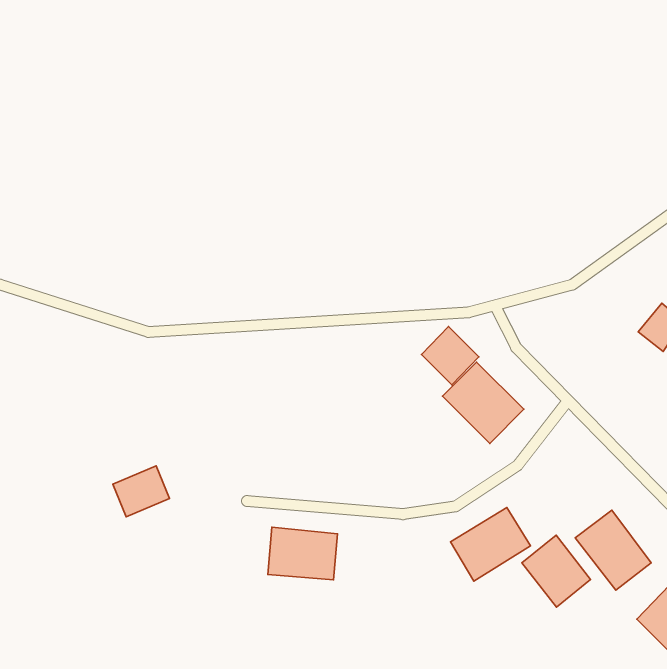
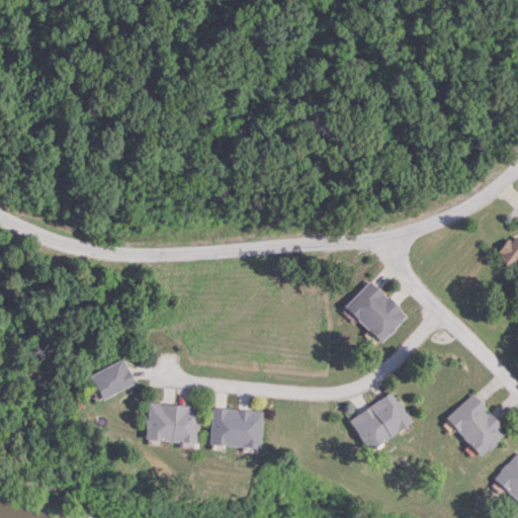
building: [421,326,479,385] -> none
building: none -> [146,403,200,444]
building: [522,535,591,607] -> none

